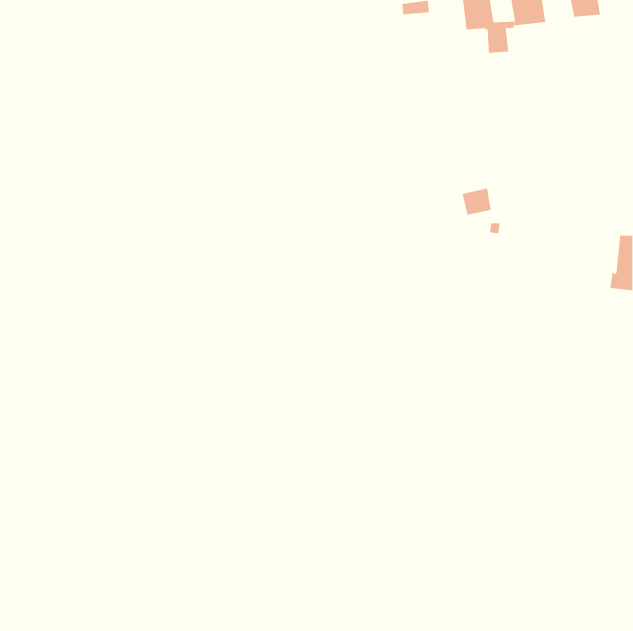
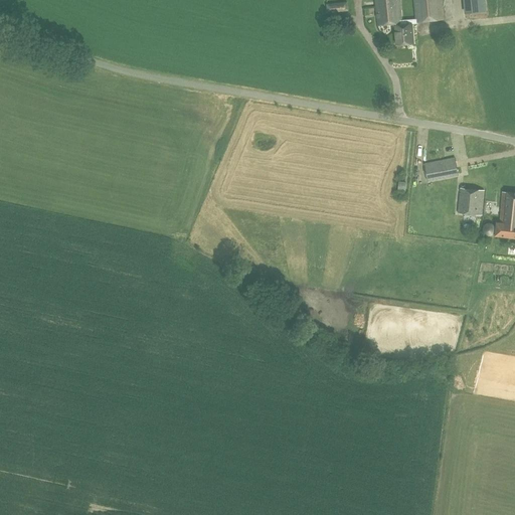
building: [462,188,492,215] -> [424,158,449,180]
building: none -> [459,187,484,214]

